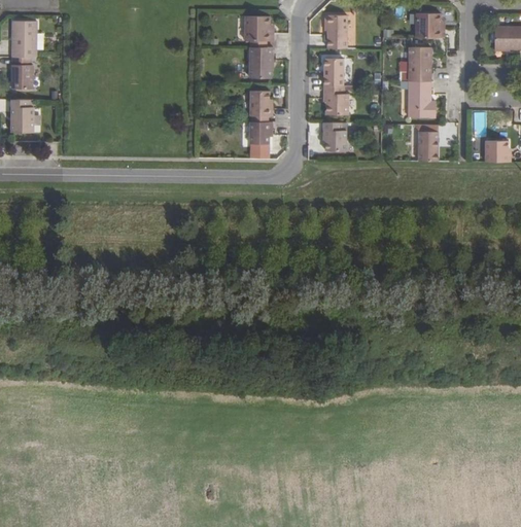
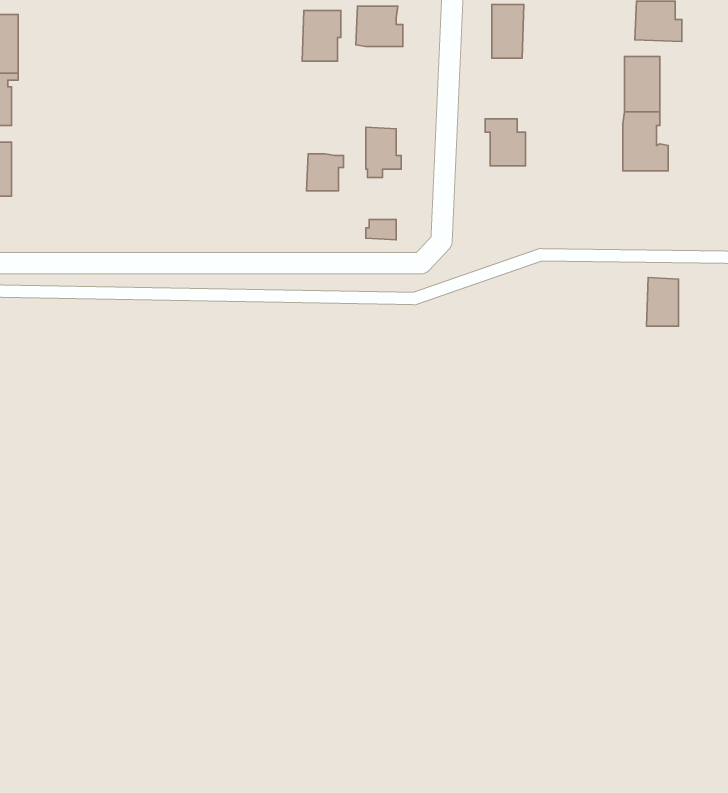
building: [248,47,272,78] -> [302,11,341,61]
building: [322,59,342,85] -> none
building: [248,121,271,144] -> [306,154,343,191]
building: [327,122,350,151] -> none
building: [417,131,437,161] -> [646,278,678,326]

